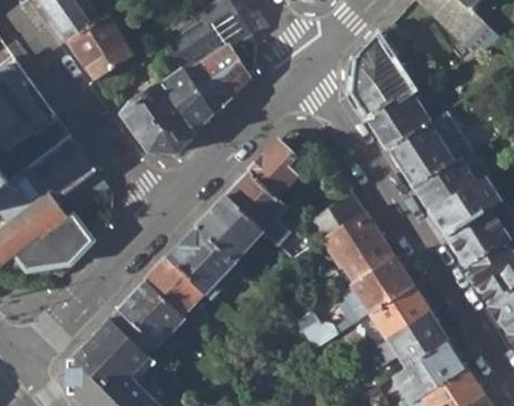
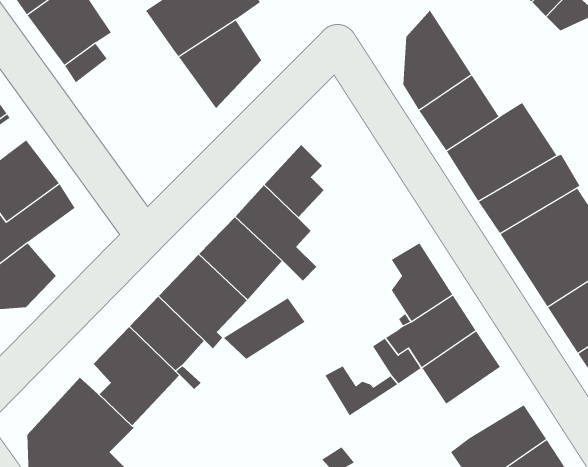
building: [122,71,213,153] -> none
building: [302,192,365,239] -> [223,297,306,360]
building: [360,311,447,370] -> none

